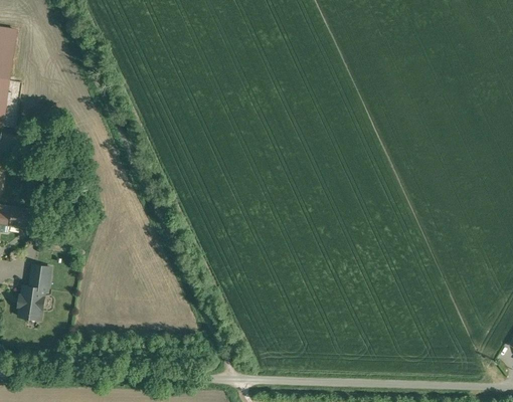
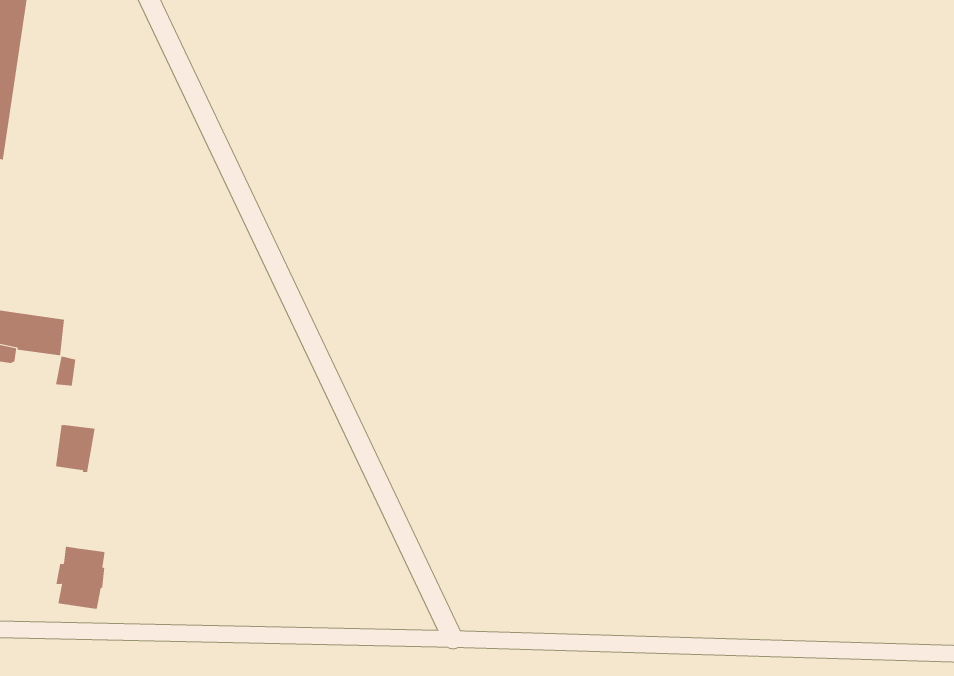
building: [17,285,43,319] -> [55,546,105,609]

